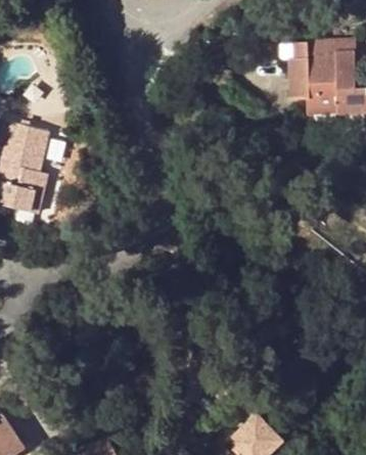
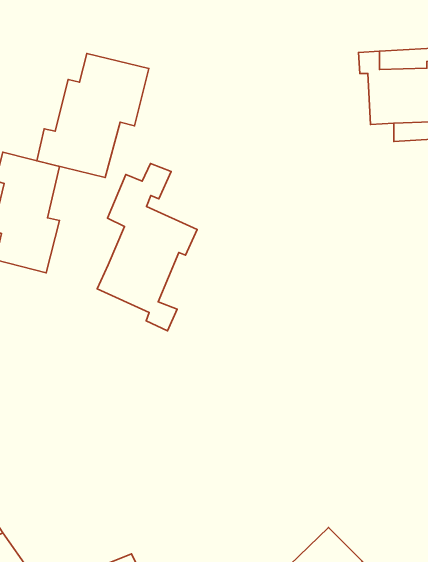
building: none -> [37,53,149,178]
building: none -> [97,164,197,331]

